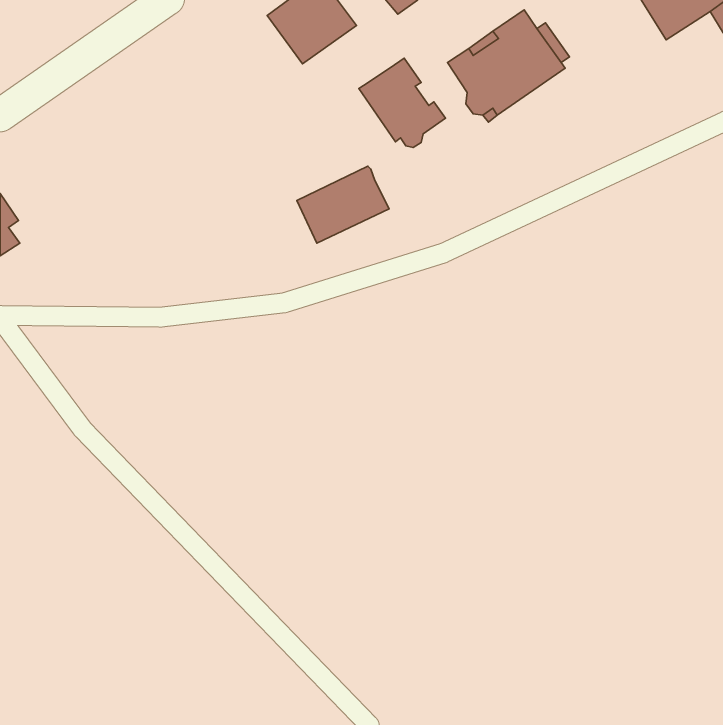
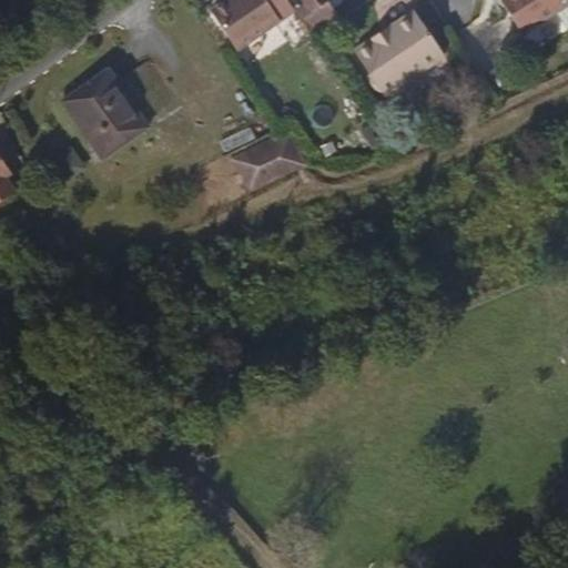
building: [359,58,445,148] -> none
building: none -> [62,70,149,161]

